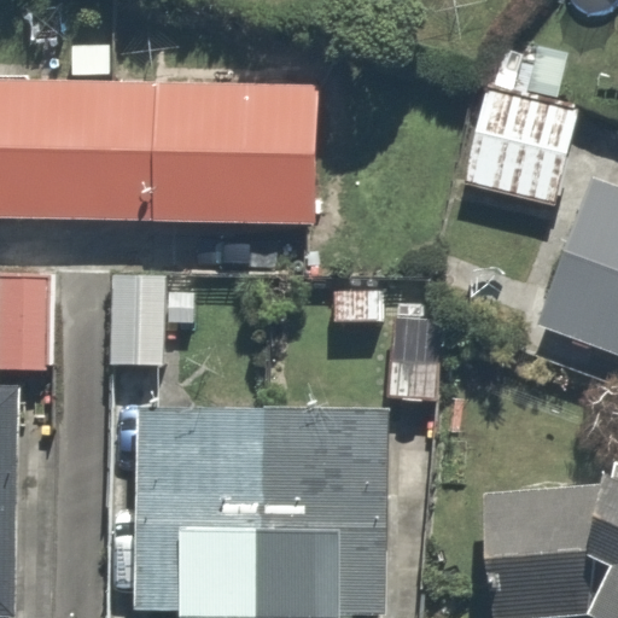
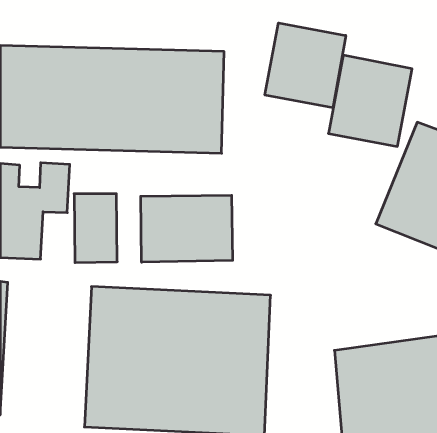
building: none -> [265,23,346,108]
building: none -> [141,195,233,262]

